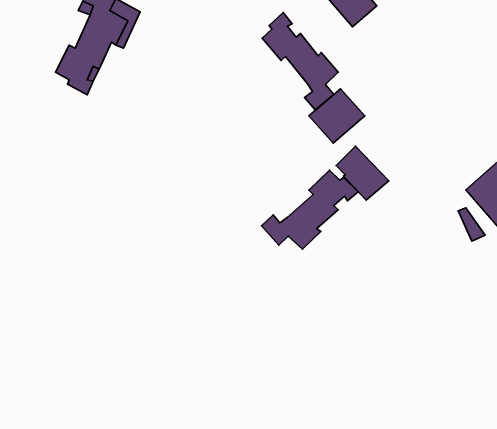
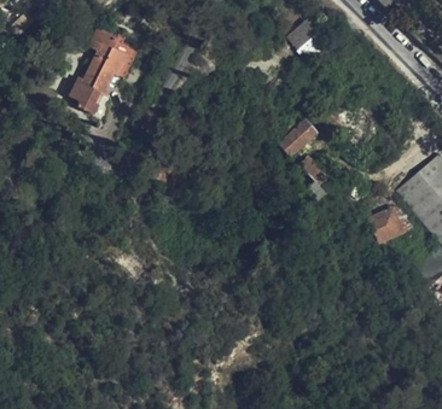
building: [262,13,338,110] -> none
building: [261,170,358,249] -> none
building: none -> [368,209,401,240]

